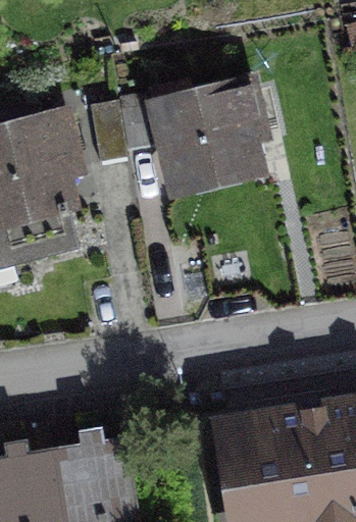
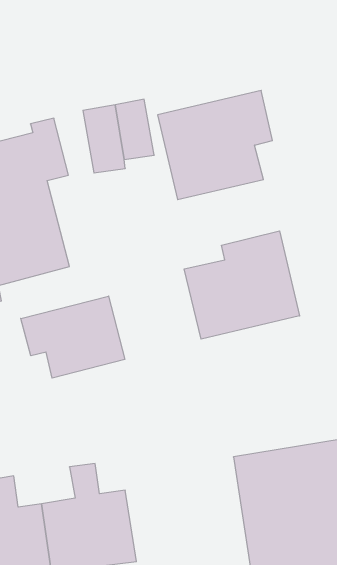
building: none -> [184,231,300,339]
building: none -> [21,296,125,378]

